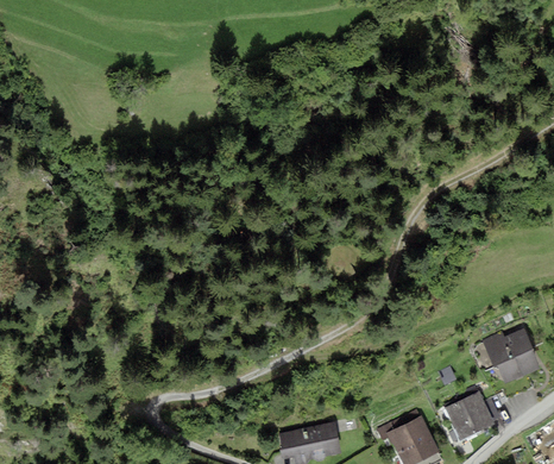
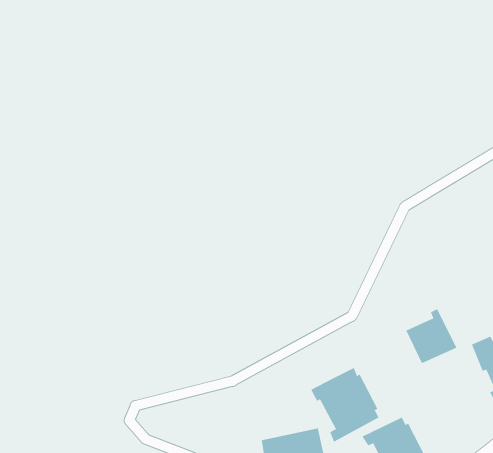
building: none -> [311,367,379,442]
building: [445,385,495,439] -> [405,309,457,364]

